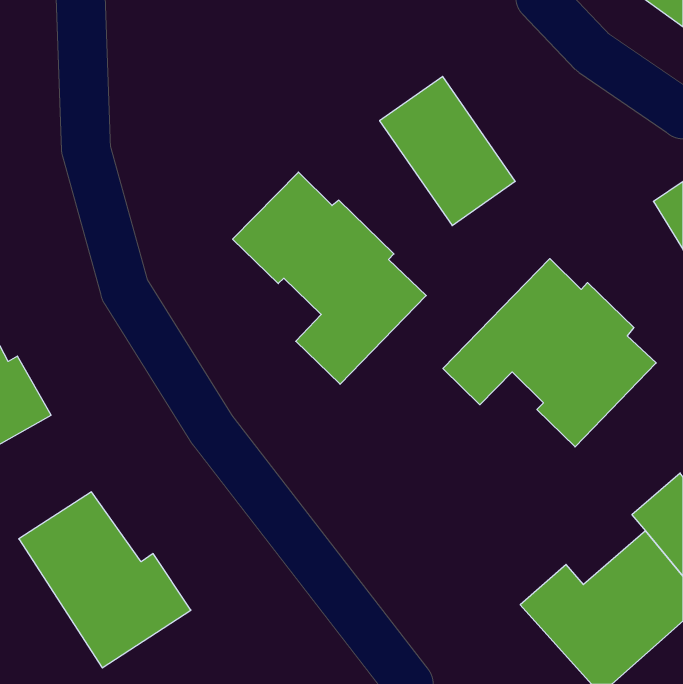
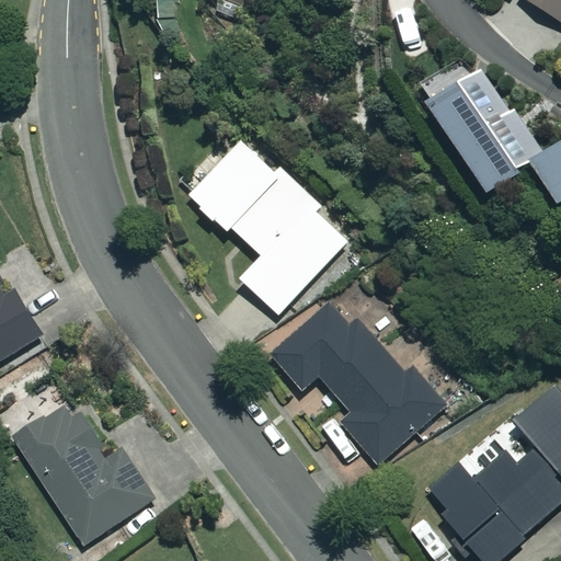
building: [380,76,515,226] -> [430,69,540,191]
building: [443,259,656,447] -> none
building: none -> [272,305,444,463]

